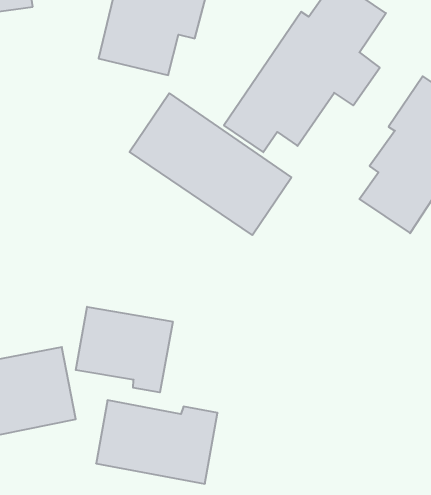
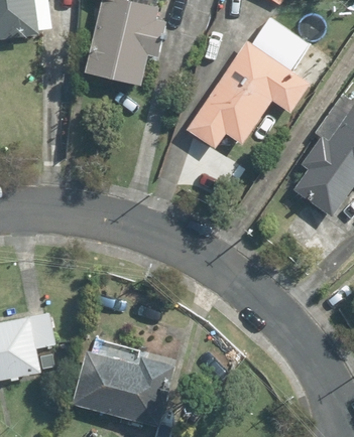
building: [130,93,291,235] -> none
building: [76,307,173,392] -> none

